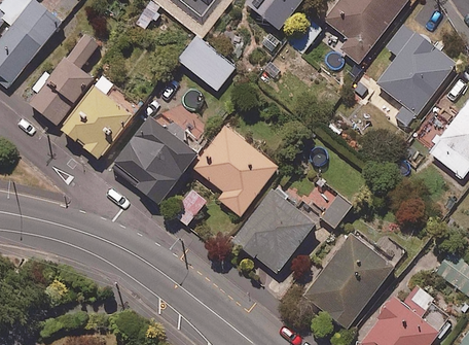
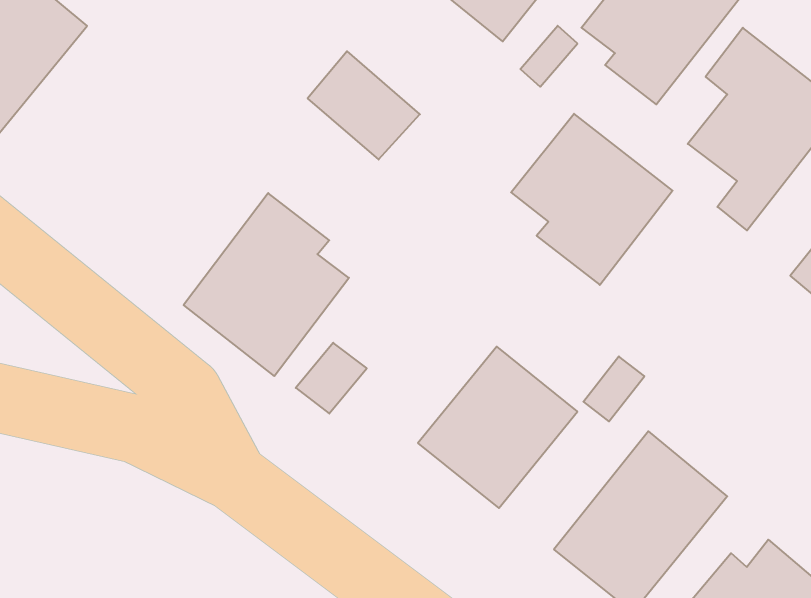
building: [30,32,103,126] -> none
building: [61,77,133,159] -> none
building: [192,127,277,216] -> [511,114,673,285]

